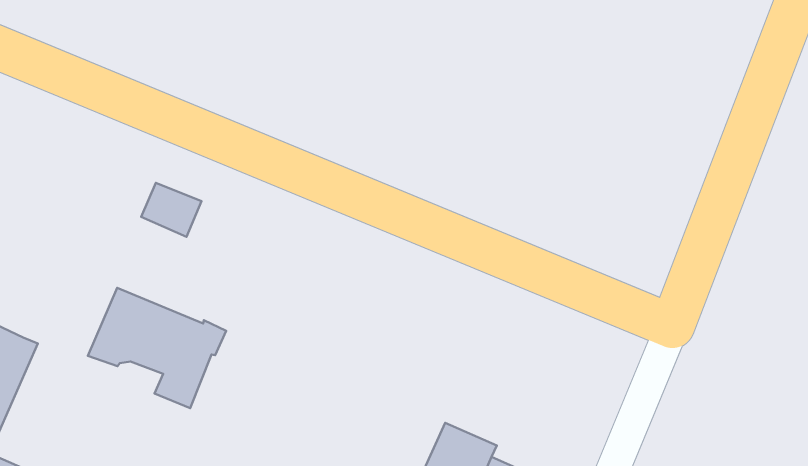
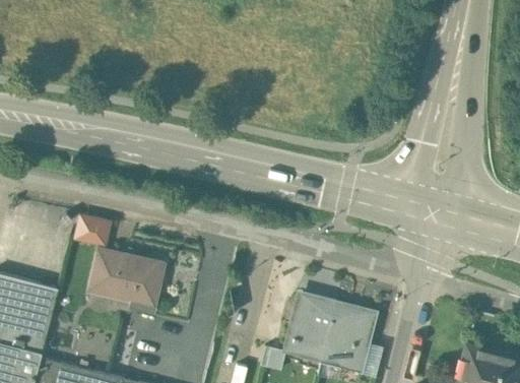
building: [141,183,201,237] -> [75,216,109,245]

